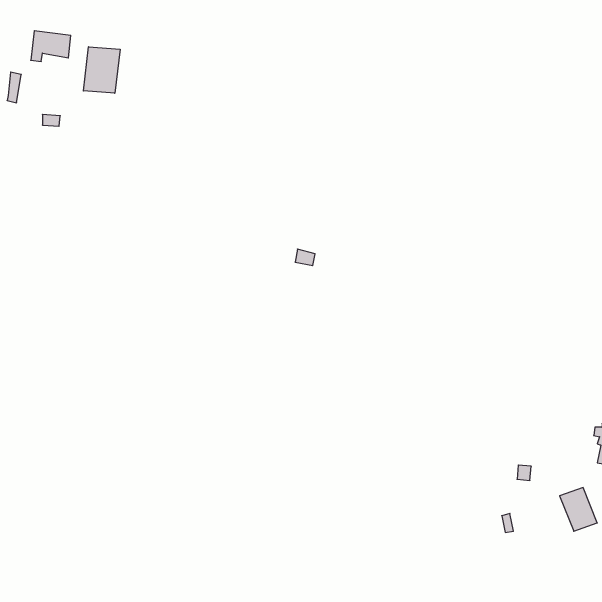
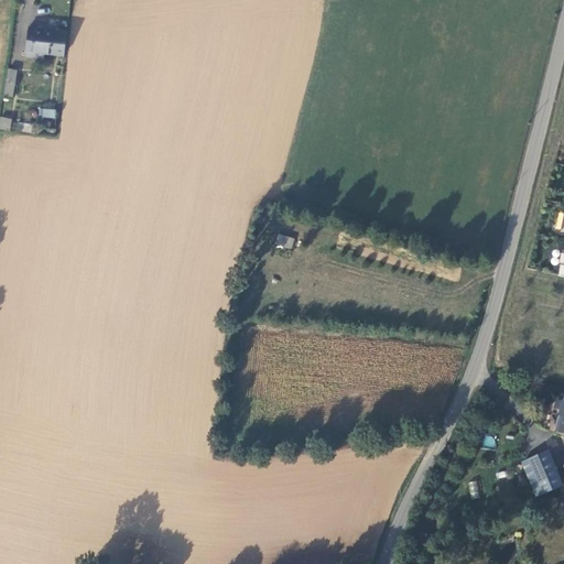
building: [83,47,120,93] -> none

